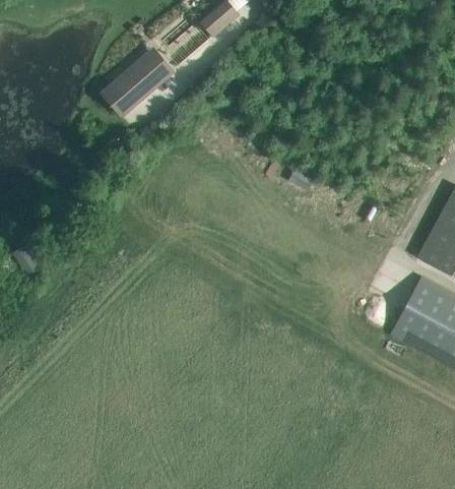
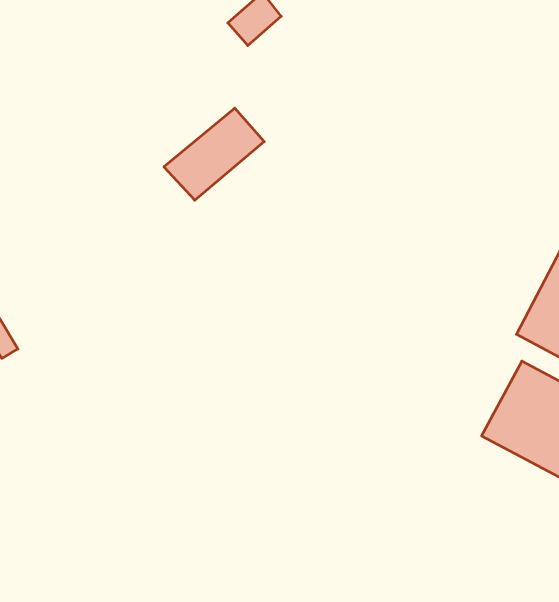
building: [100,47,176,117] -> [164,108,264,200]

